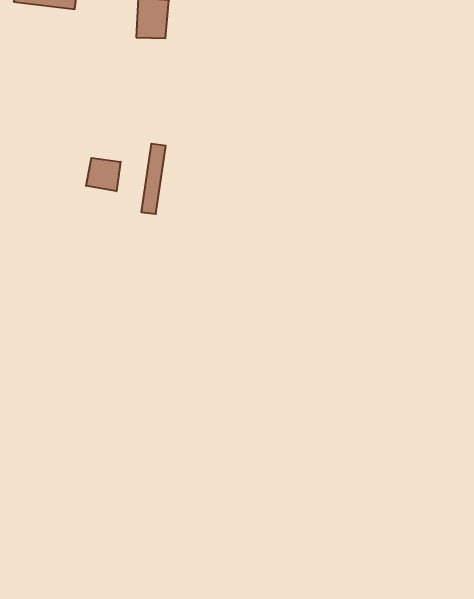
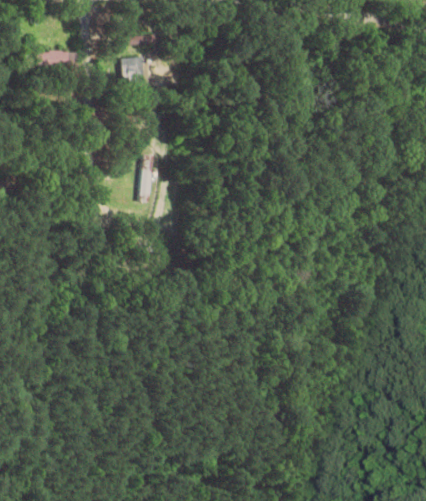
building: [86,158,121,191] -> none

